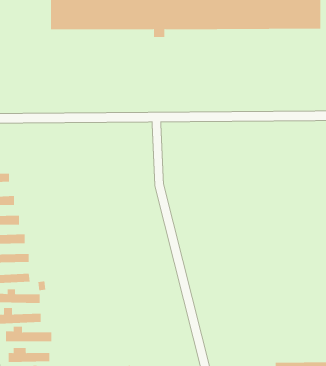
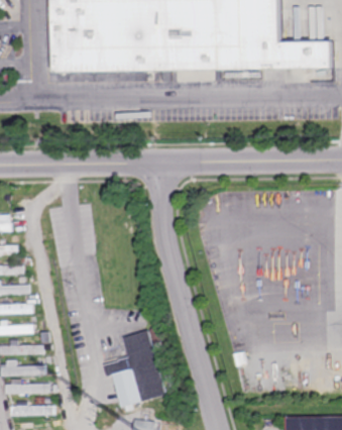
building: none -> [101,329,164,406]

